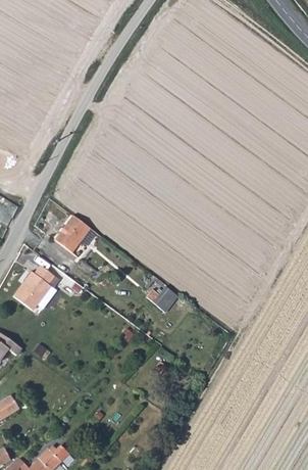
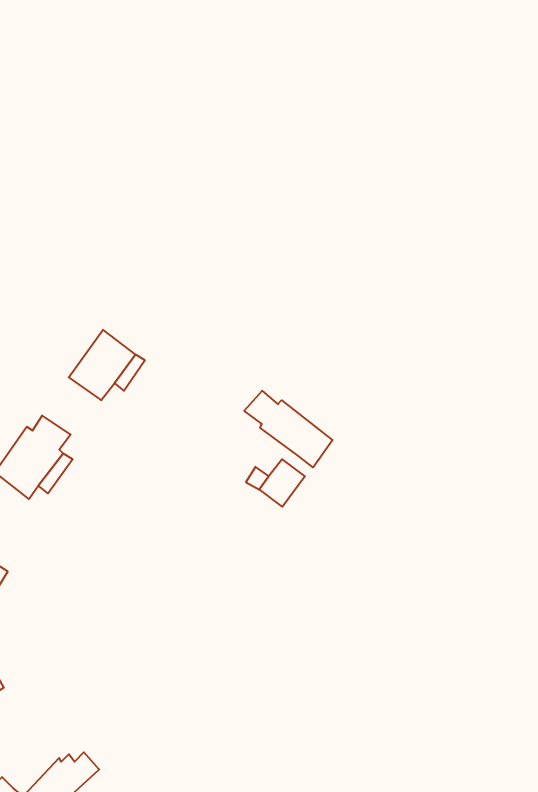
building: none -> [244,391,333,467]

